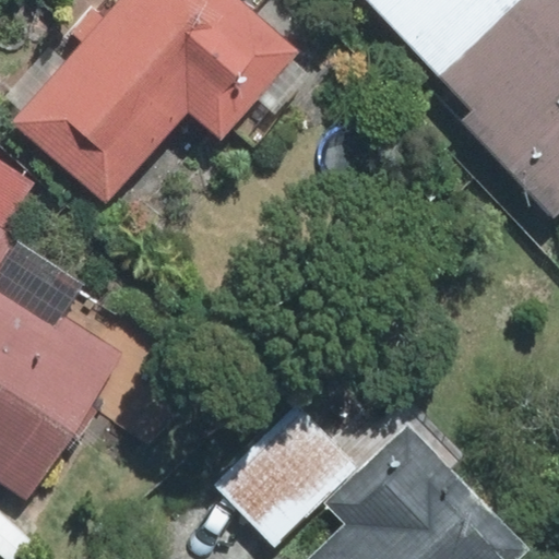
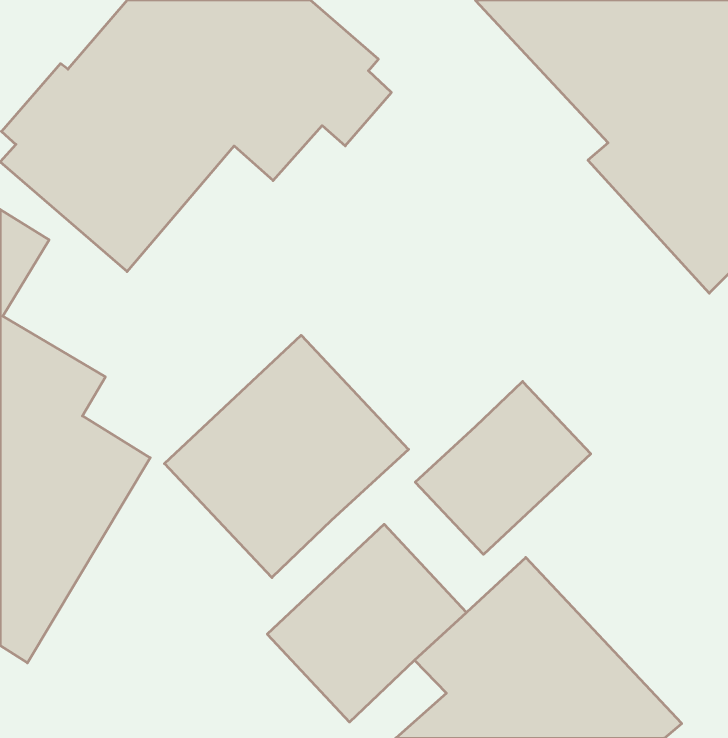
building: none -> [164,335,409,578]
building: none -> [415,381,591,554]

